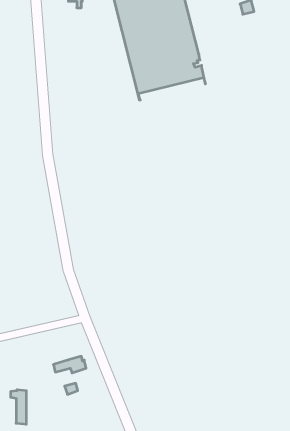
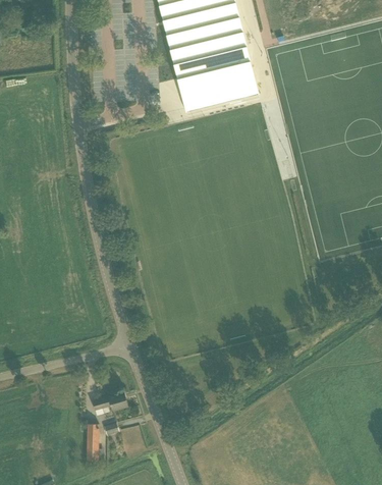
building: [11,390,26,424] -> [81,425,99,463]

